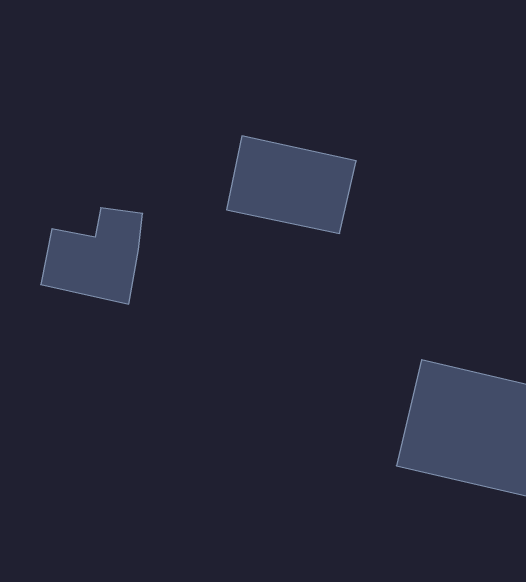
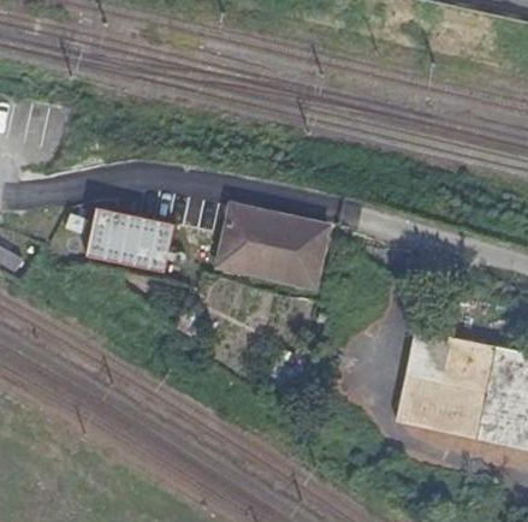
building: [227,136,356,233] -> [218,203,330,287]

